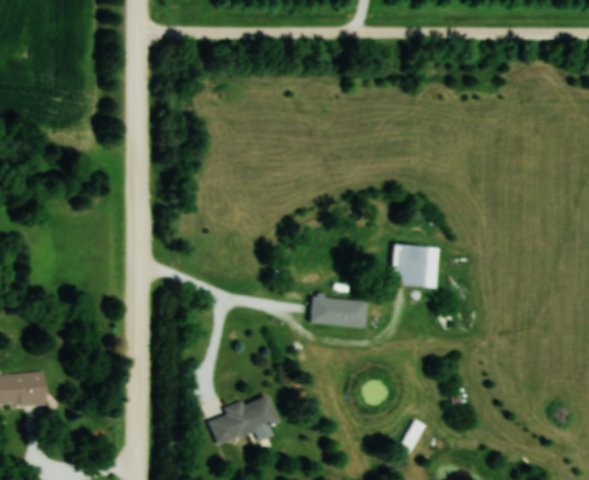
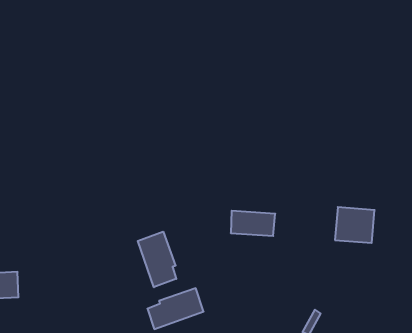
building: [391,243,440,288] -> [335,207,375,243]
building: none -> [138,232,176,287]

